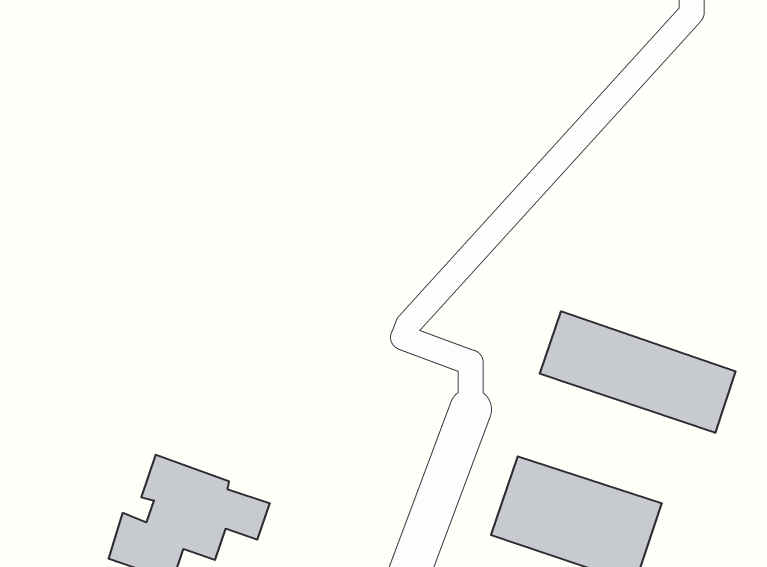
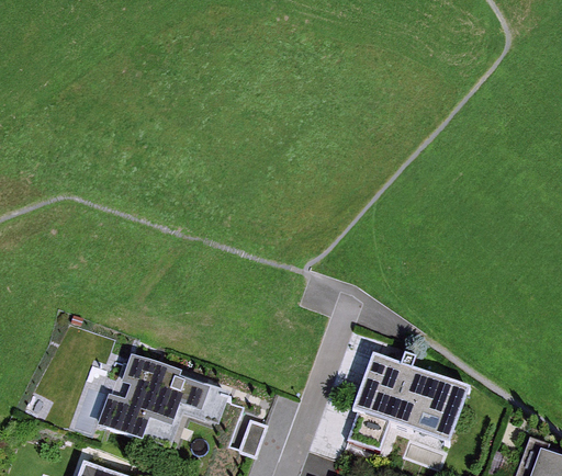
building: [540,311,736,433] -> none

